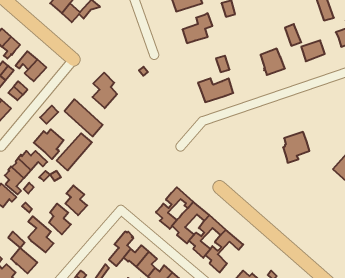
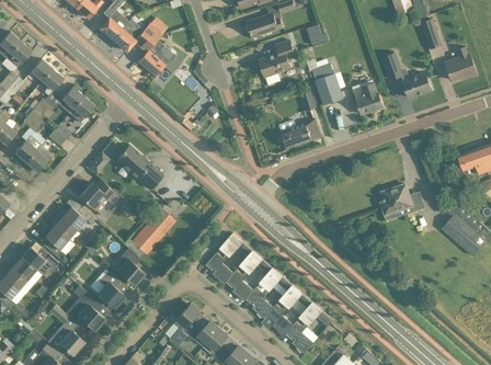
building: none -> [137,32,168,76]
building: none -> [311,65,343,105]
building: [92,73,117,108] -> none
building: [57,133,92,170] -> [132,208,174,253]
building: none -> [206,232,252,284]

